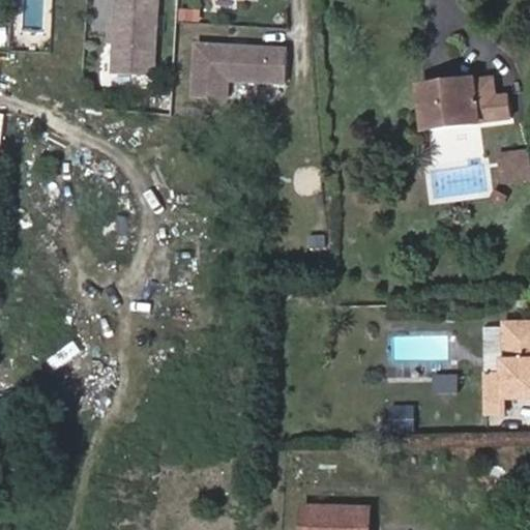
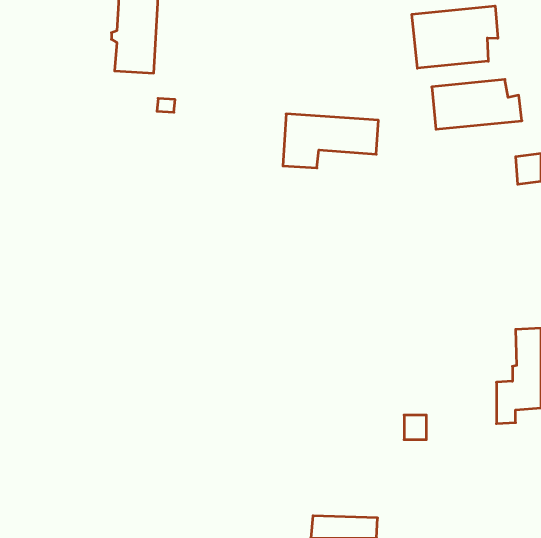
building: none -> [412,6,498,68]
building: [194,42,287,95] -> [283,114,378,168]

